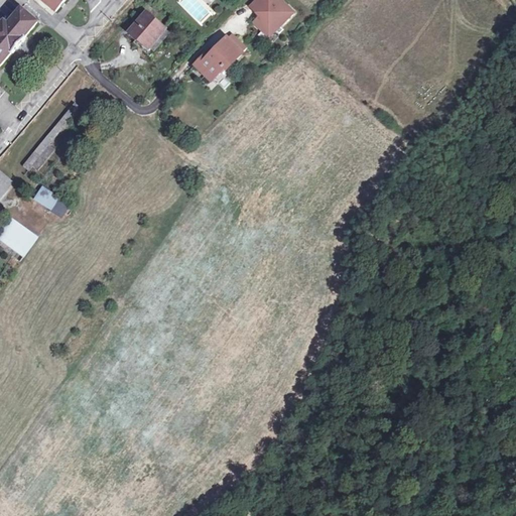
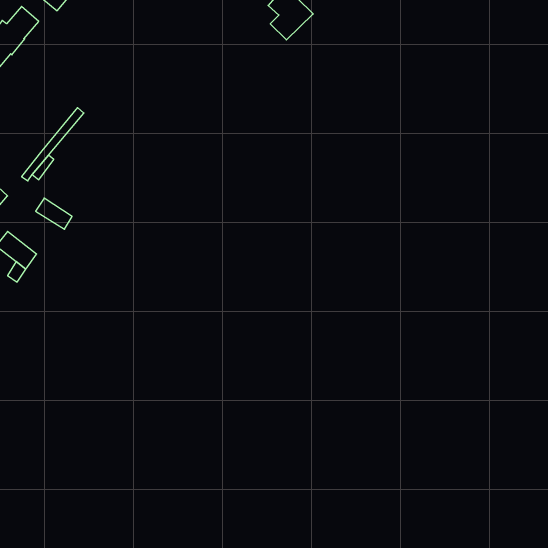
building: [128,11,168,55] -> none
building: [195,32,244,79] -> none

